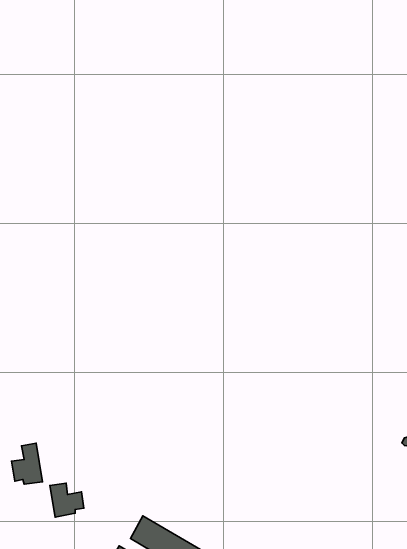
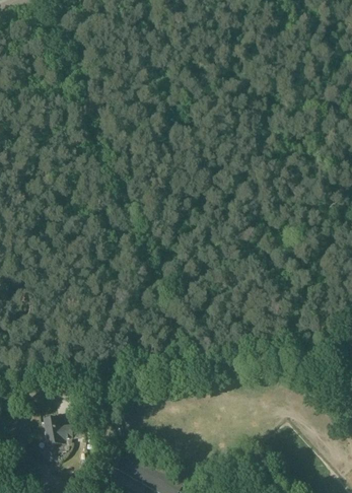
building: [12,443,42,484] -> none

